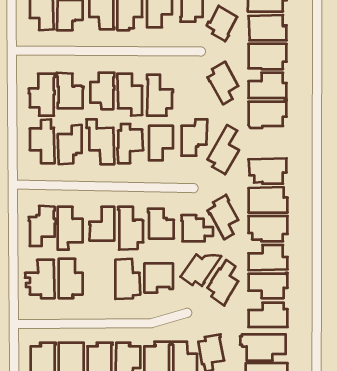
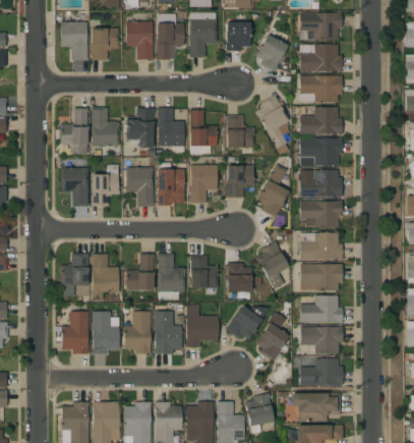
building: none -> [226,115,254,148]
building: none -> [300,170,342,198]
building: none -> [124,312,151,353]

